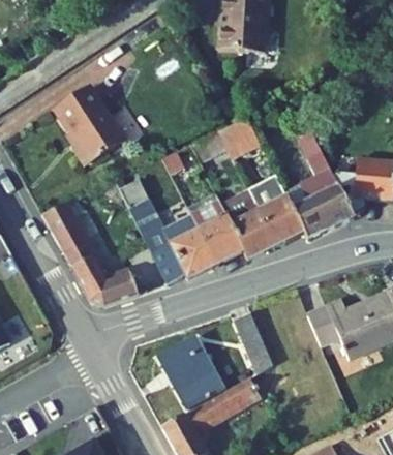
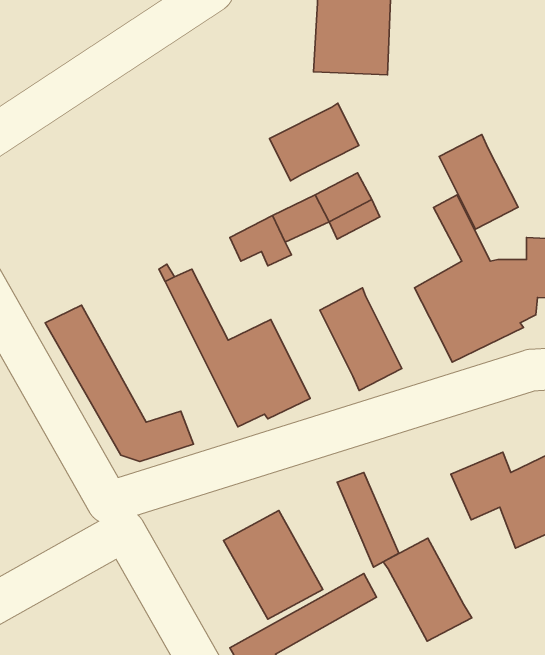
building: none -> [270,103,359,181]
building: [54,85,124,164] -> none
building: [251,182,303,244] -> [439,134,518,229]
building: [189,198,243,264] -> none
building: none -> [383,538,472,641]

